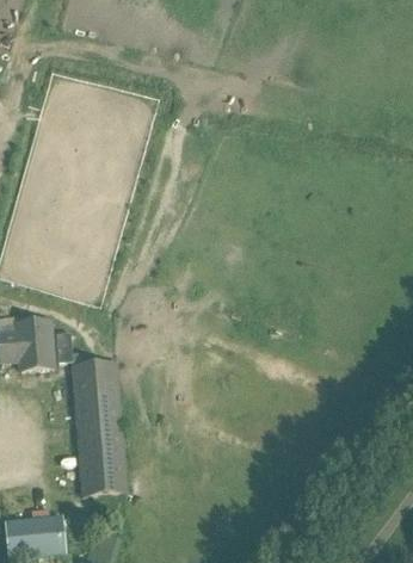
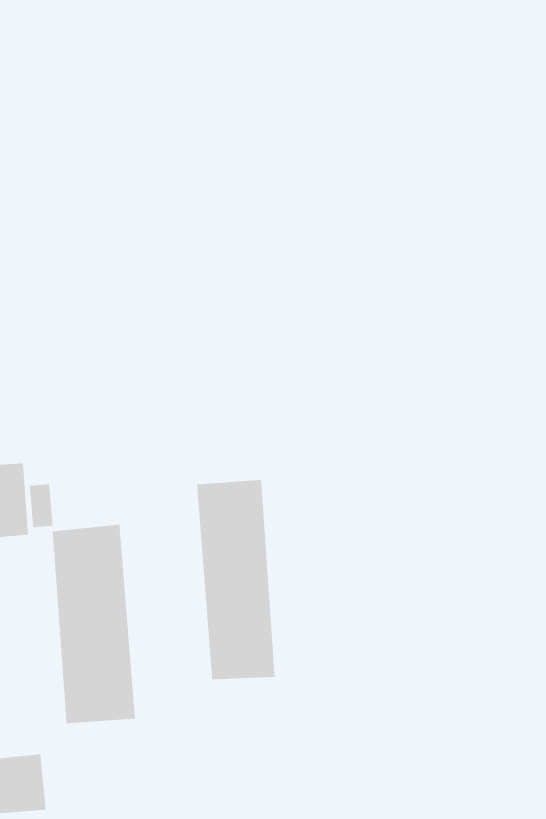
building: none -> [197,479,275,680]

